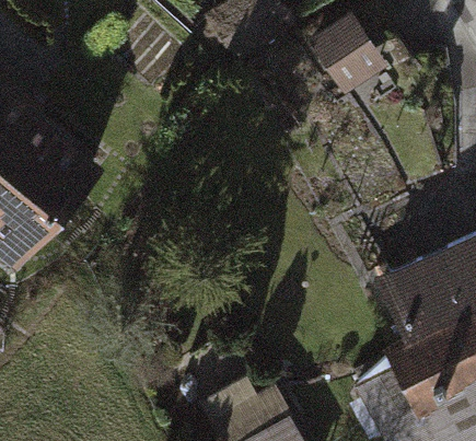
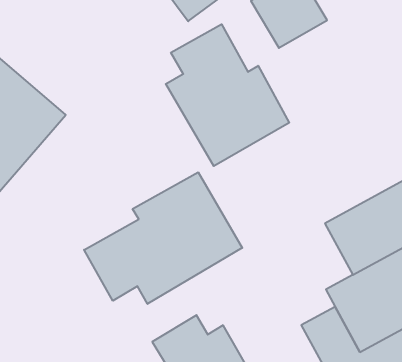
building: none -> [166,24,289,166]
building: none -> [84,172,242,304]

